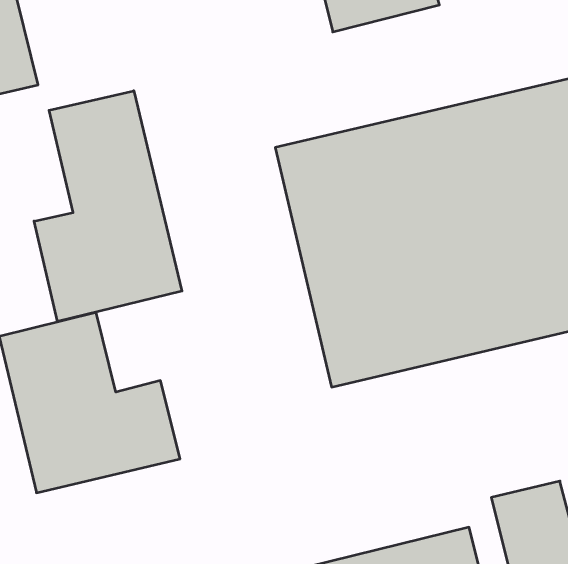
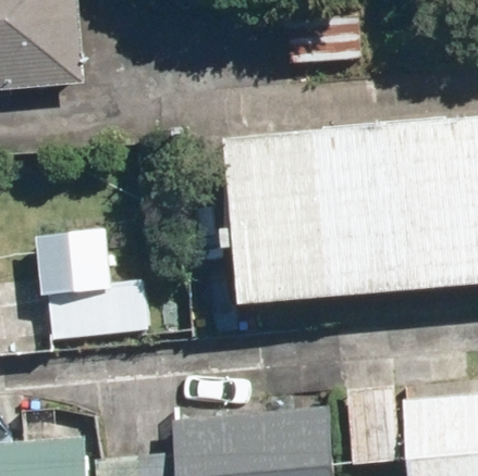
building: [34,91,182,322] -> none

